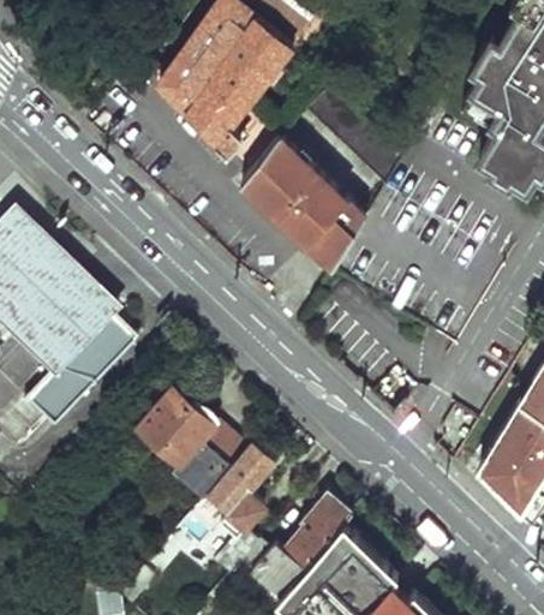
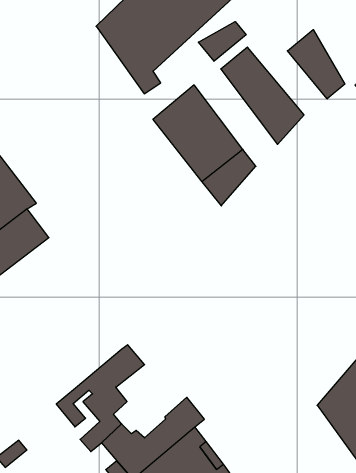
building: none -> [287,30,345,99]
building: none -> [198,22,246,61]
building: [132,394,244,503] -> none

